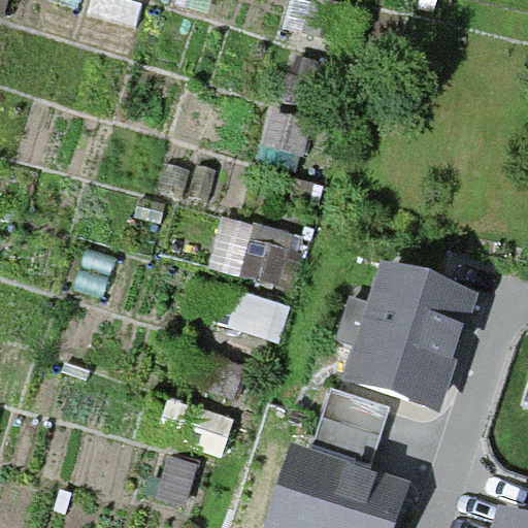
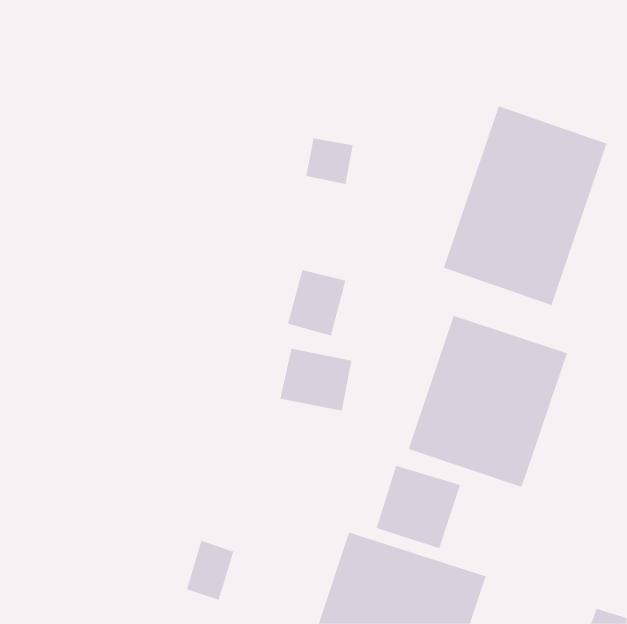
building: none -> [443,106,607,306]

